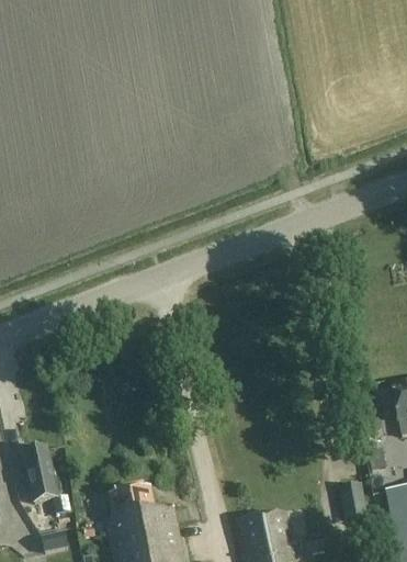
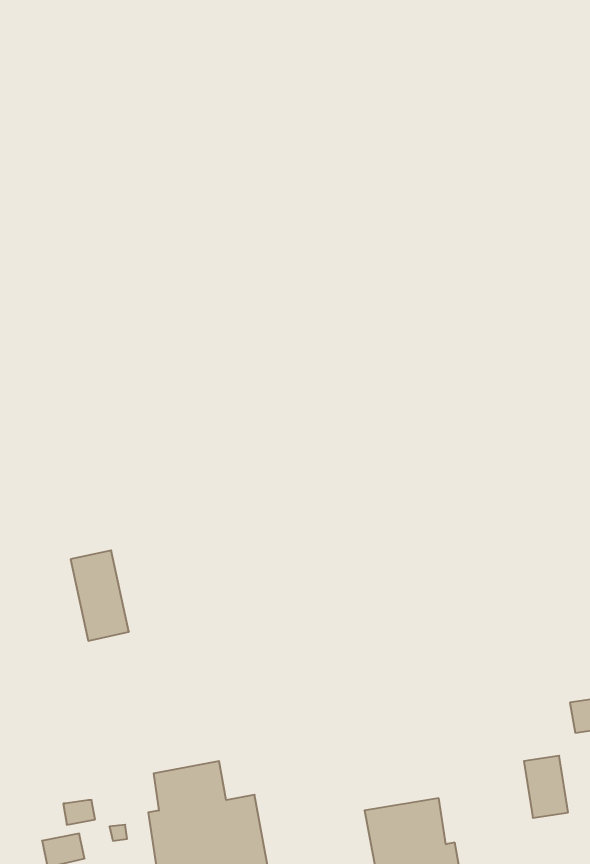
building: [23,448,59,504] -> [71,550,129,641]

